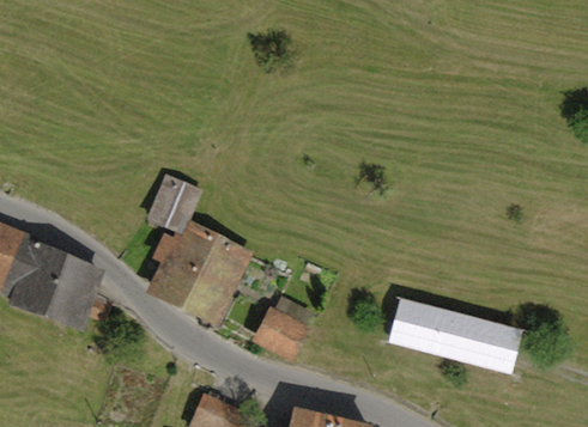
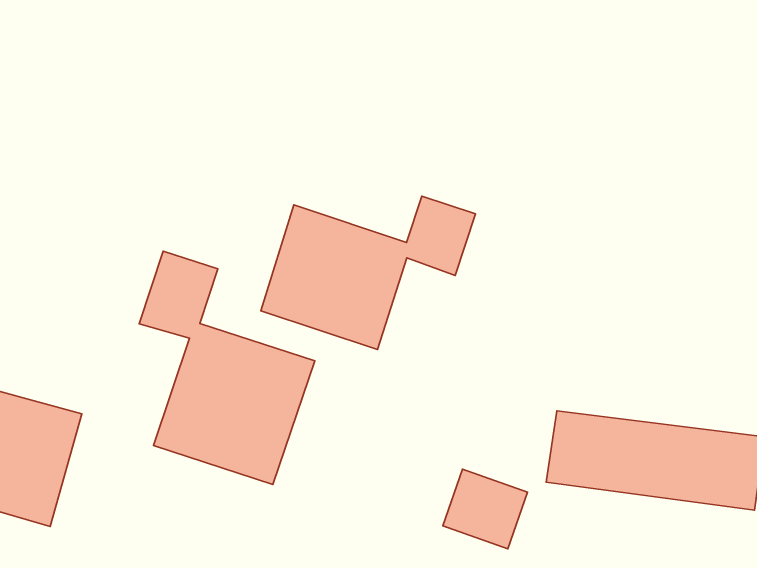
building: none -> [261,196,475,349]
building: [254,309,308,360] -> [443,469,527,549]

